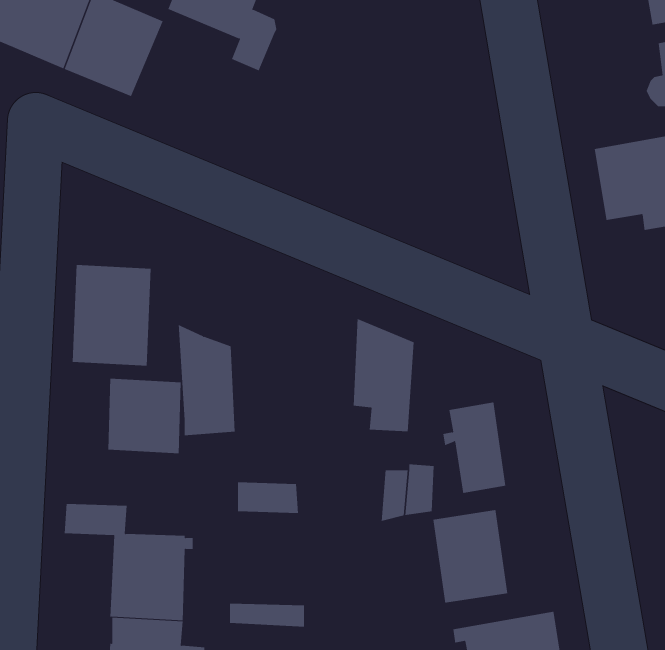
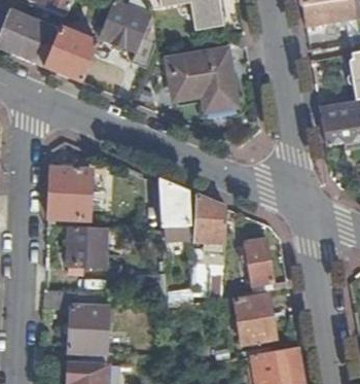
building: none -> [167,48,236,110]
building: [178,324,236,436] -> [159,179,189,237]

